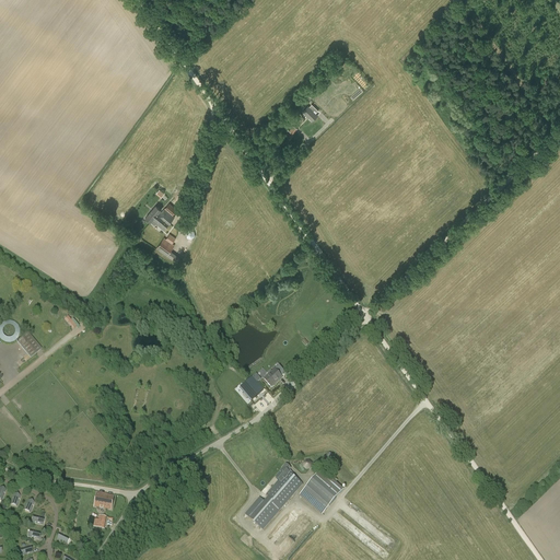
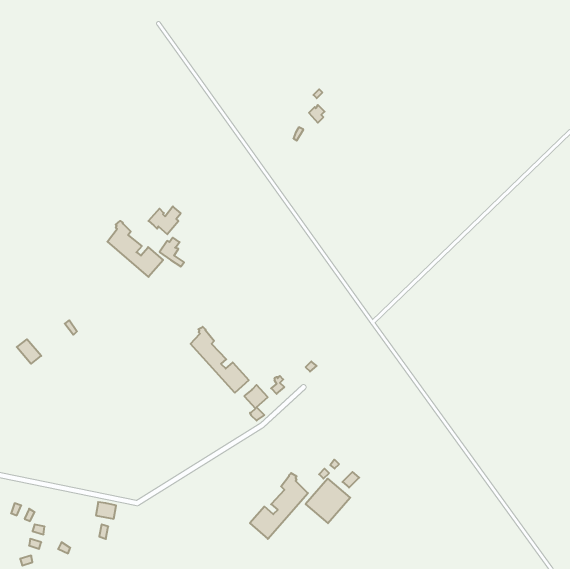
building: none -> [107,221,163,277]
building: none -> [191,327,249,393]

